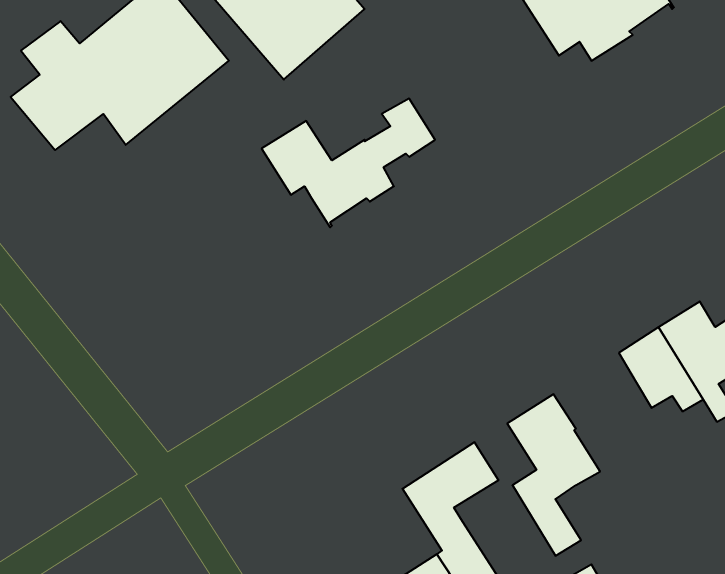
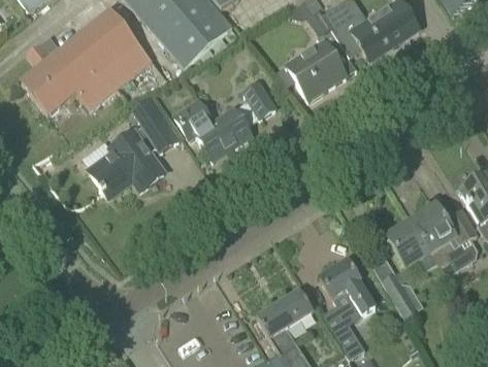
building: none -> [287,27,353,98]
building: none -> [89,95,178,195]
building: none -> [382,271,423,318]

